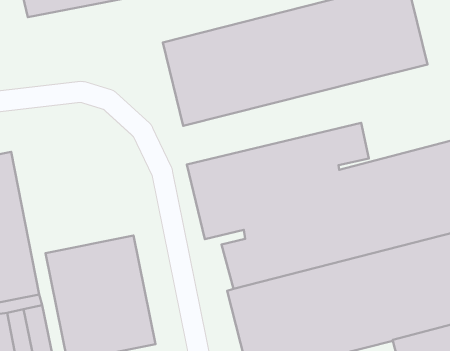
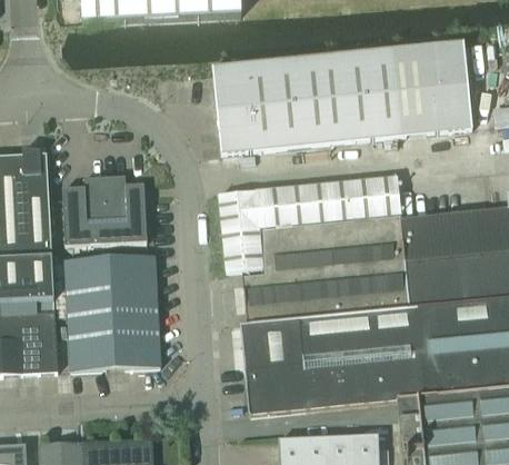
building: none -> [61,174,146,246]

